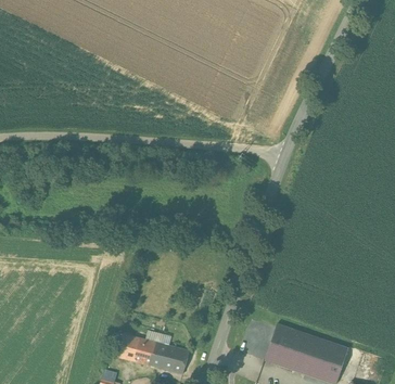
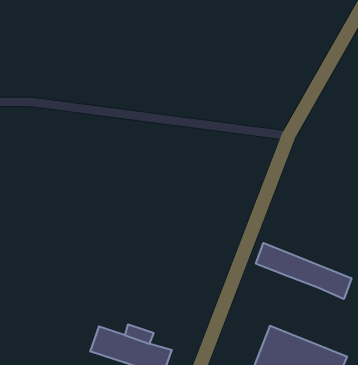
building: none -> [256,243,351,299]

